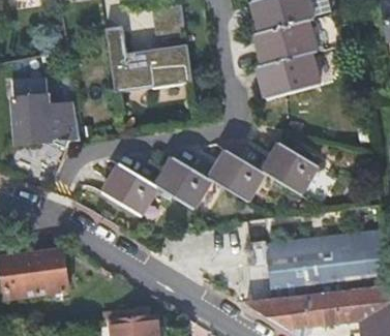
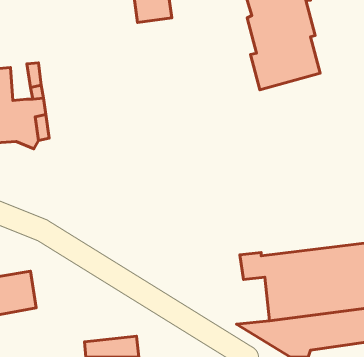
building: [106,27,193,93] -> none
building: [101,144,317,218] -> none

